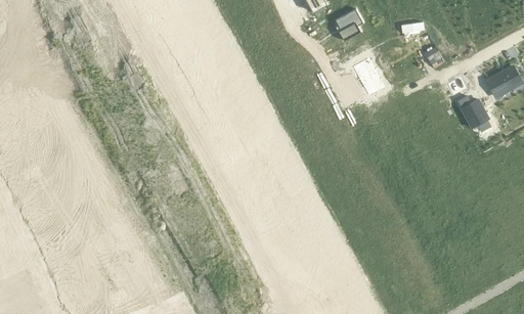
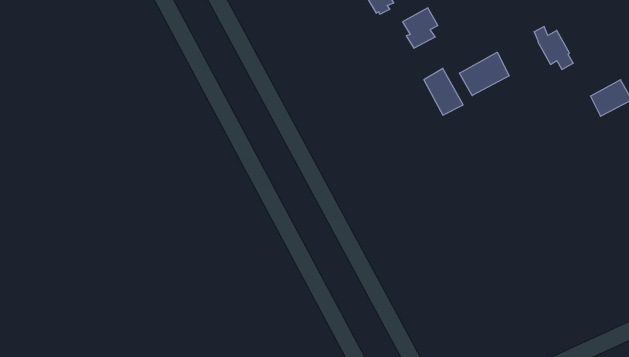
building: none -> [459,52,509,96]
building: [458,96,490,131] -> [534,27,573,69]

